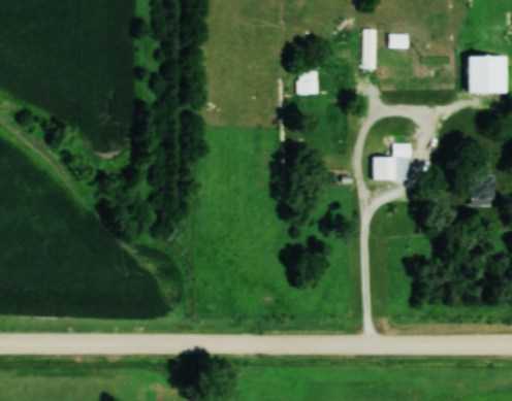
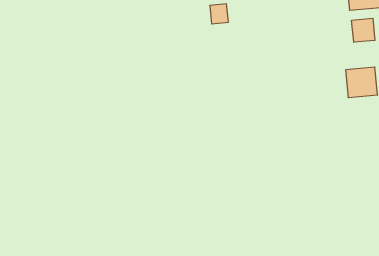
building: none -> [352,18,375,42]
building: [373,142,410,180] -> none

